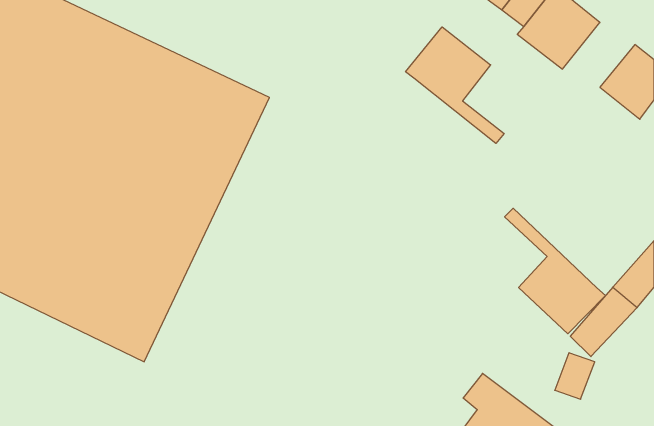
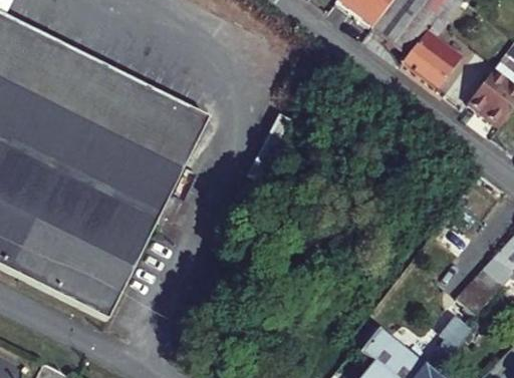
building: [406,27,504,143] -> none
building: [505,208,605,334] -> none

